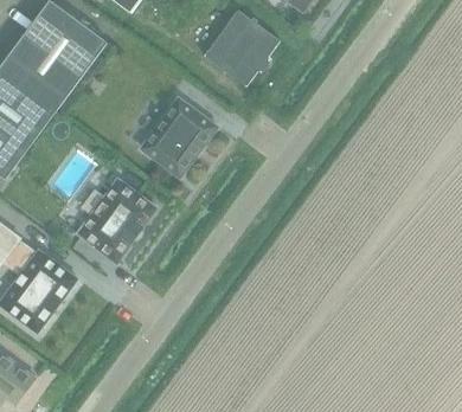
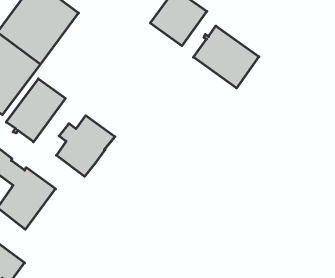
building: none -> [193,26,259,88]
building: [140,98,216,176] -> none
building: none -> [6,79,65,142]

